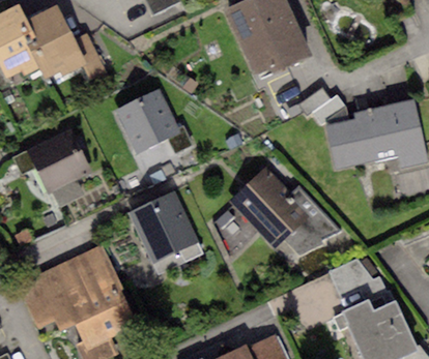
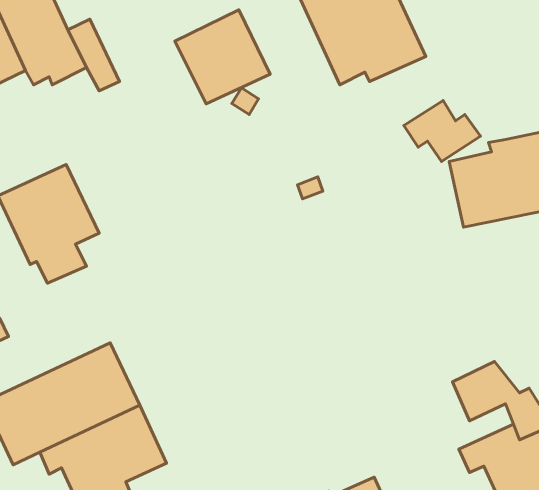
building: [117,90,180,152] -> [175,10,270,104]
building: [230,168,341,256] -> none
building: [128,191,204,274] -> none

